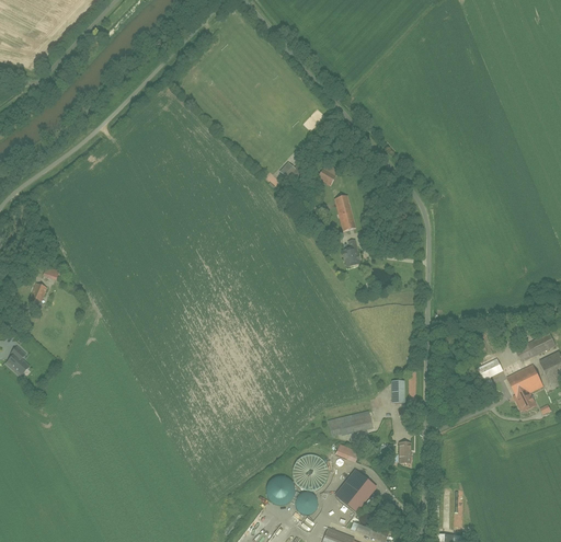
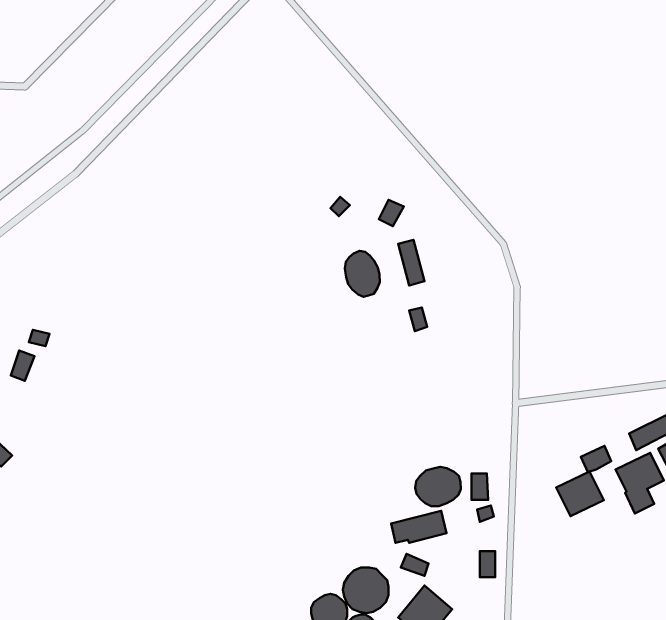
building: none -> [345,251,380,297]
building: none -> [415,467,461,506]
building: none -> [556,472,604,516]

